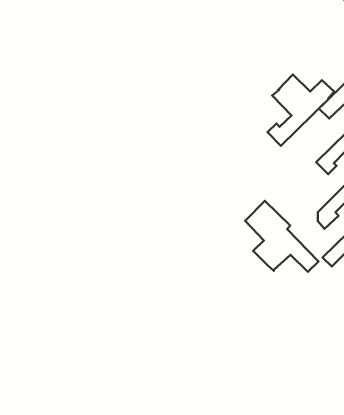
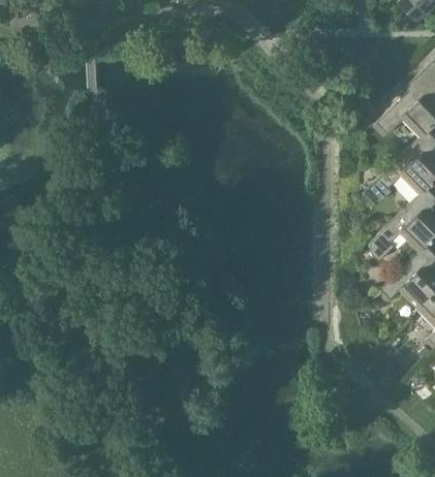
building: [268,75,334,146] -> none
building: [245,201,319,272] -> none

